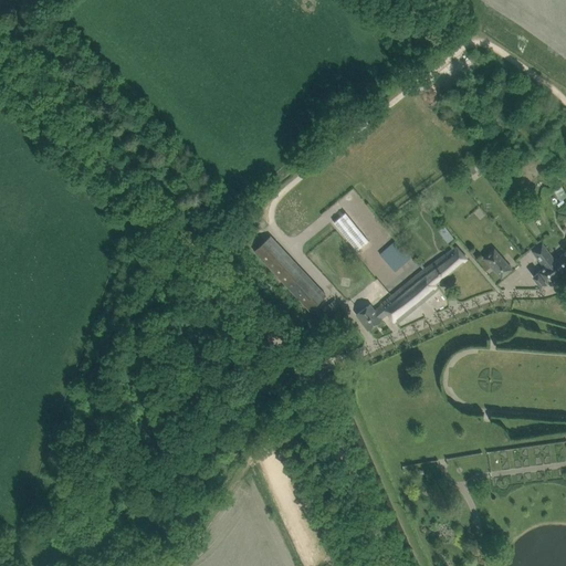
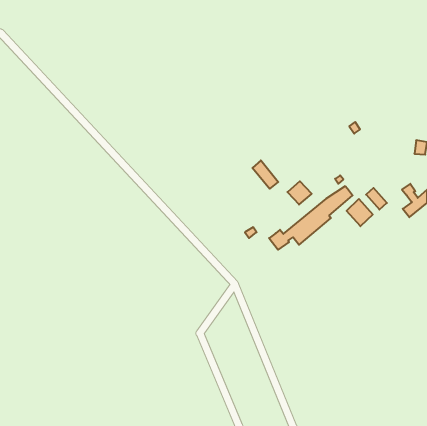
building: [254,237,326,313] -> none
building: none -> [347,199,373,226]

